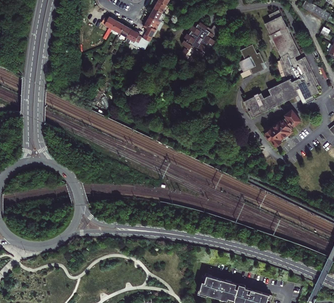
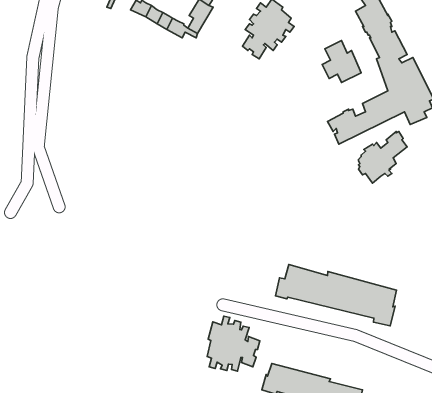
building: none -> [275,264,396,326]
building: none -> [207,316,260,371]

